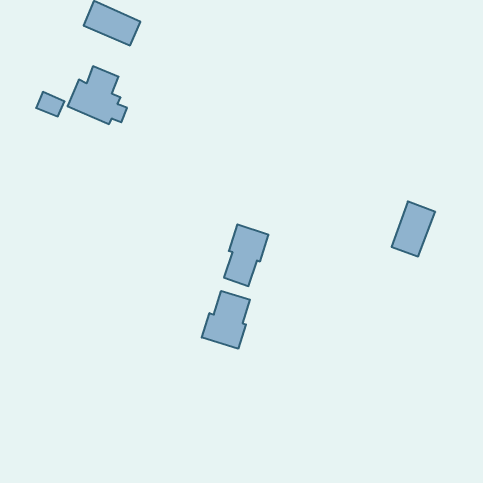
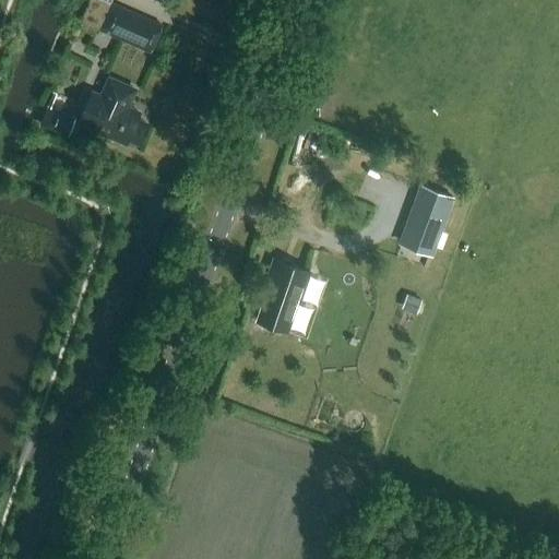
building: [392,201,435,256] -> [405,187,455,250]
building: [202,291,250,349] -> none

